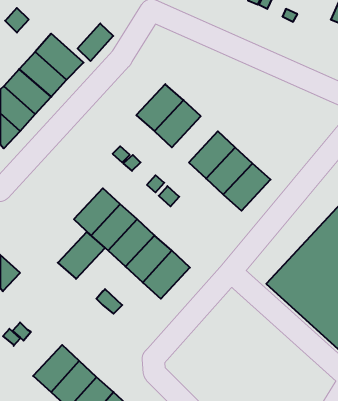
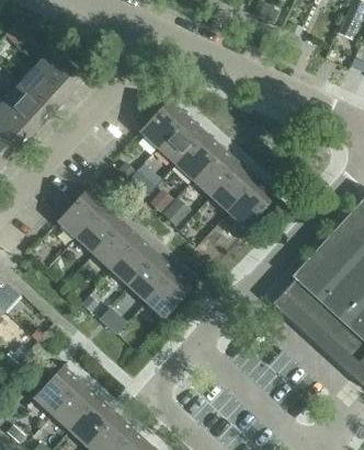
building: [78,23,113,61] -> none
building: none -> [175,132,223,180]
building: [58,232,105,279] -> [57,189,105,238]

